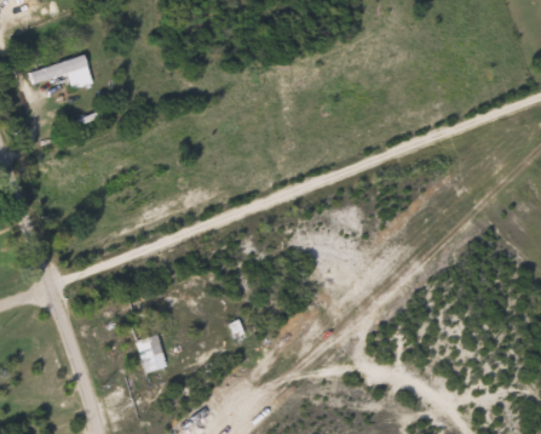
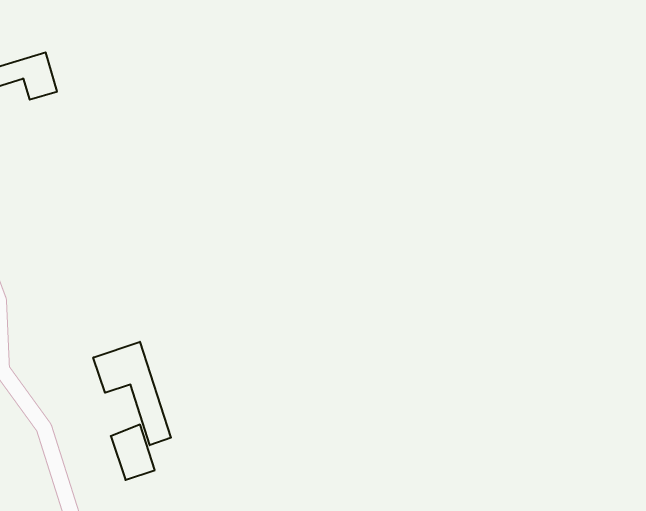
building: none -> [93,342,171,445]

